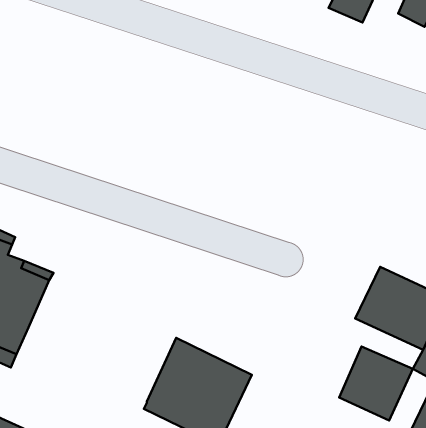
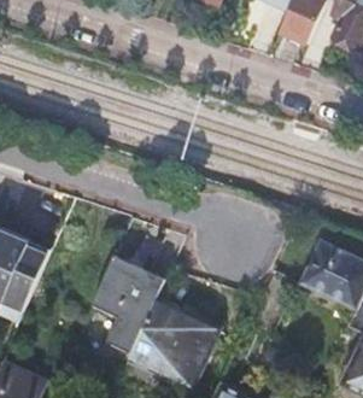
building: none -> [92,253,165,351]
building: [339,347,413,420] -> none

